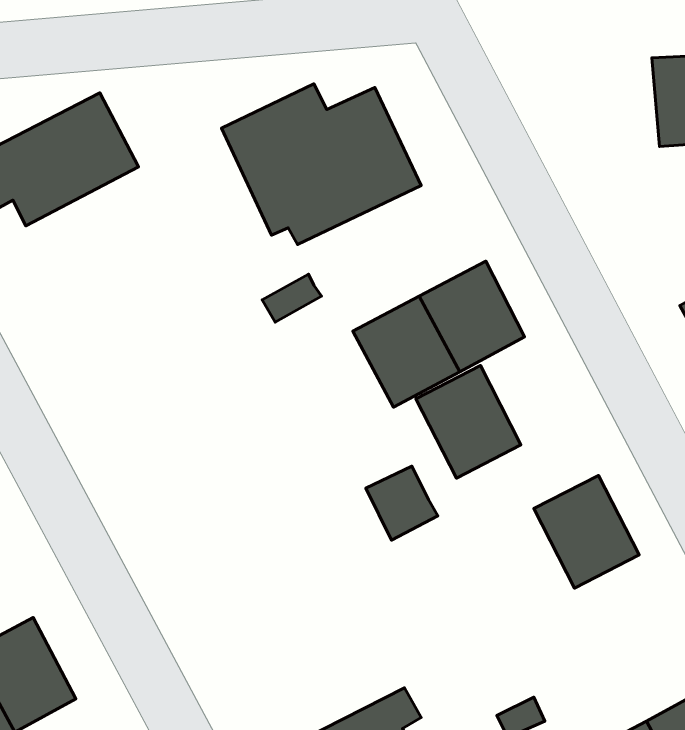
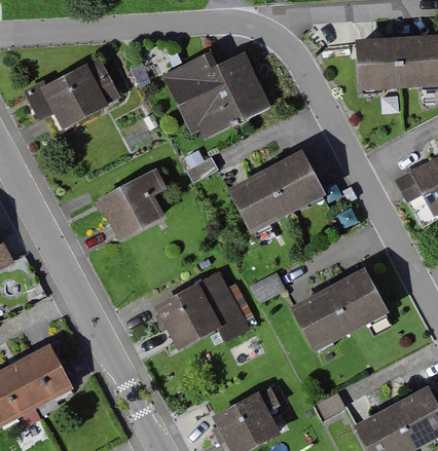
building: none -> [357,37,403,89]
building: none -> [87,167,158,239]
building: [416,365,521,478] -> [297,288,356,350]
building: none -> [142,270,243,350]

